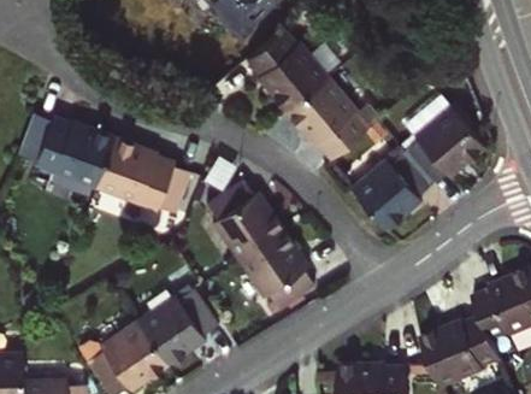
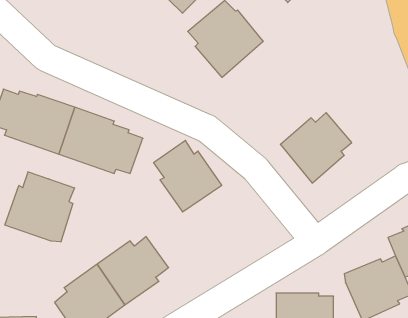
building: [282,69,370,158] -> none
building: [400,90,482,183] -> none
building: none -> [5,172,74,242]
building: [237,231,313,311] -> none

